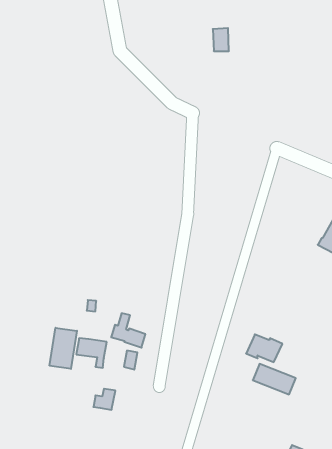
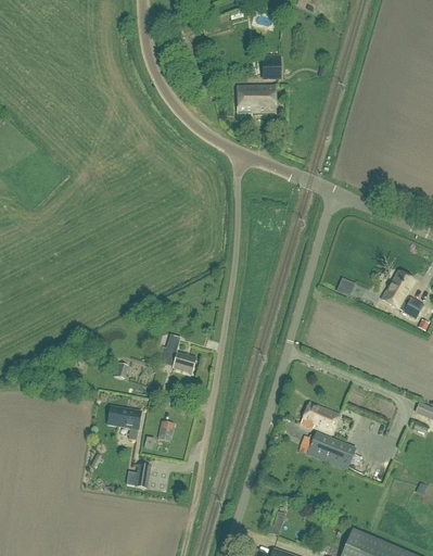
building: none -> [237,84,275,112]
building: [111,313,145,348] -> [157,333,196,372]
building: [50,328,77,369] -> none

